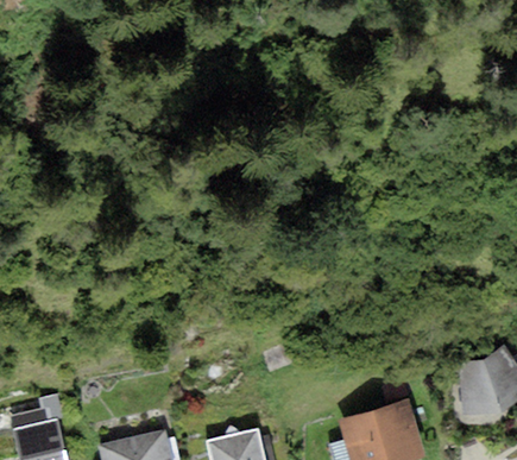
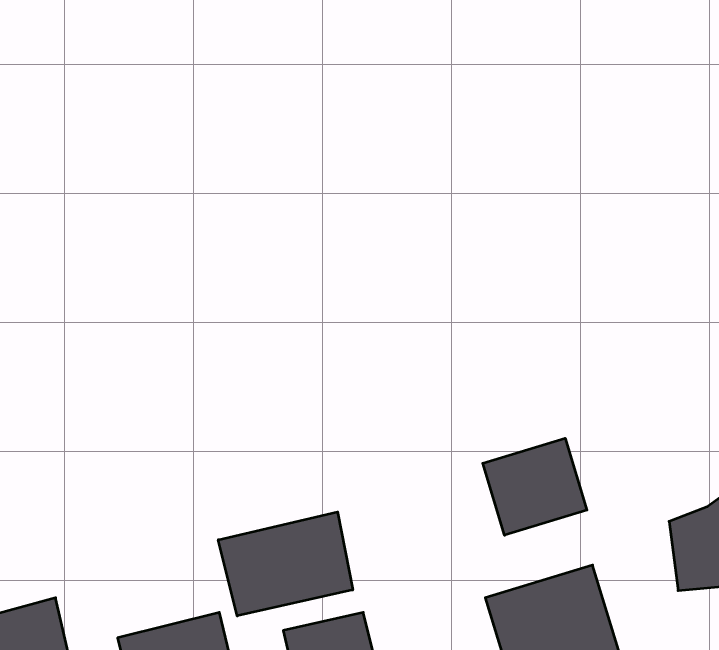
building: none -> [483,438,587,535]
building: none -> [218,512,353,616]

